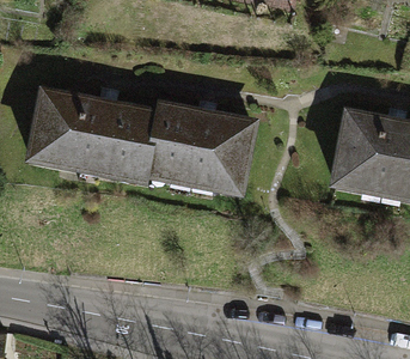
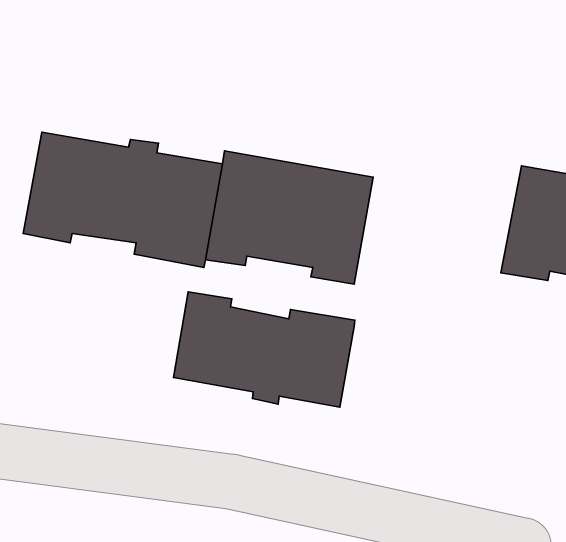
building: none -> [173,292,355,407]

